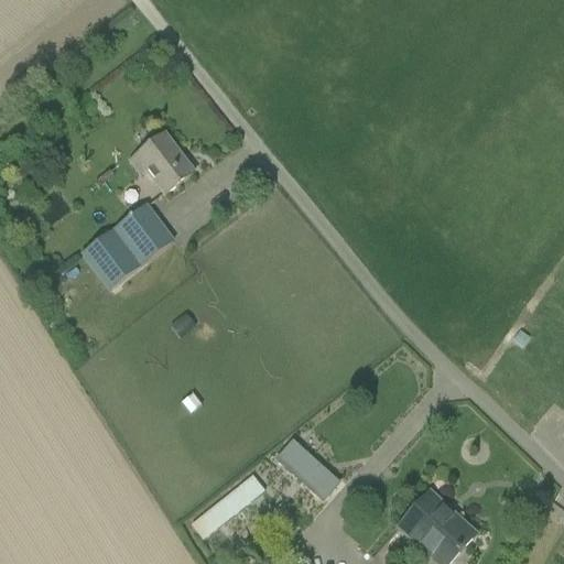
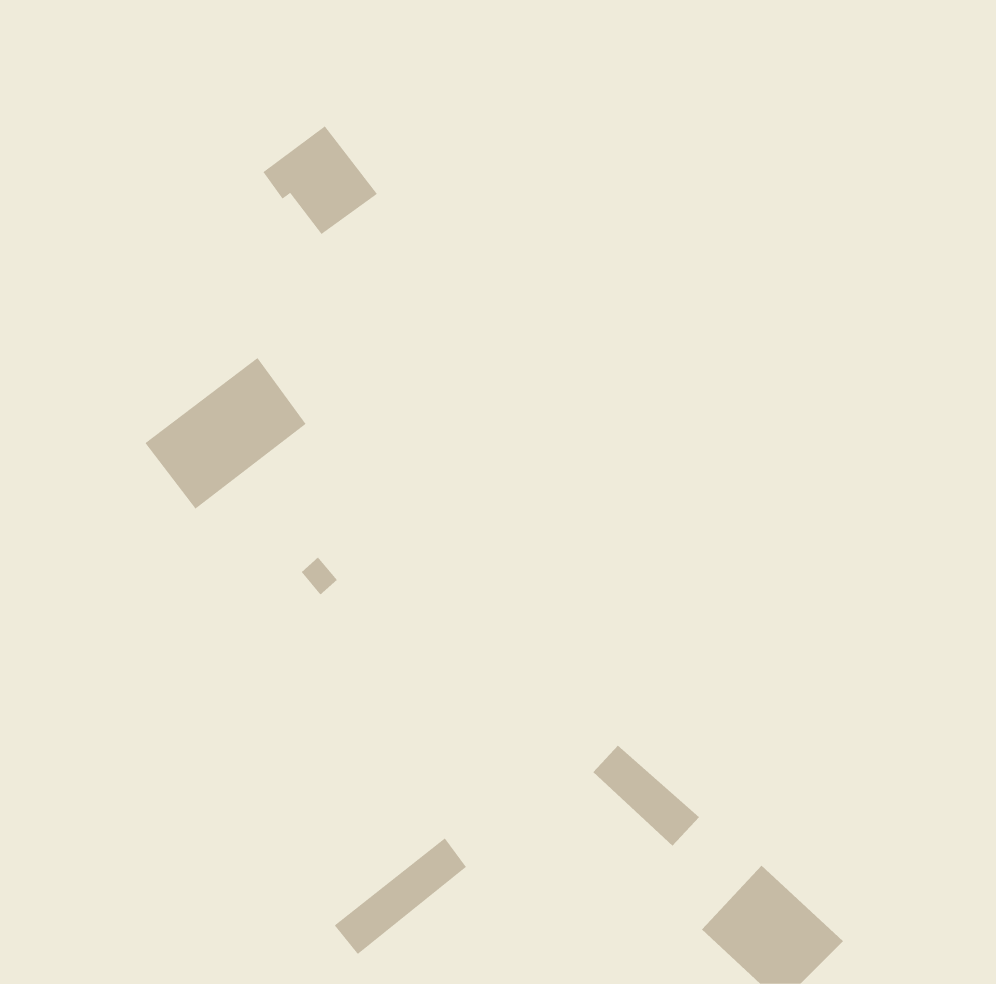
building: [130,131,195,193] -> [263,125,378,235]
building: [279,441,339,498] -> [593,745,700,846]

